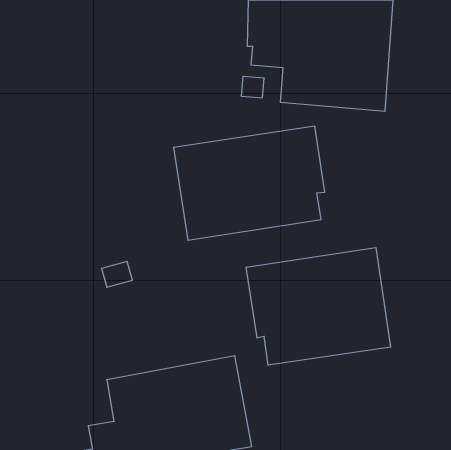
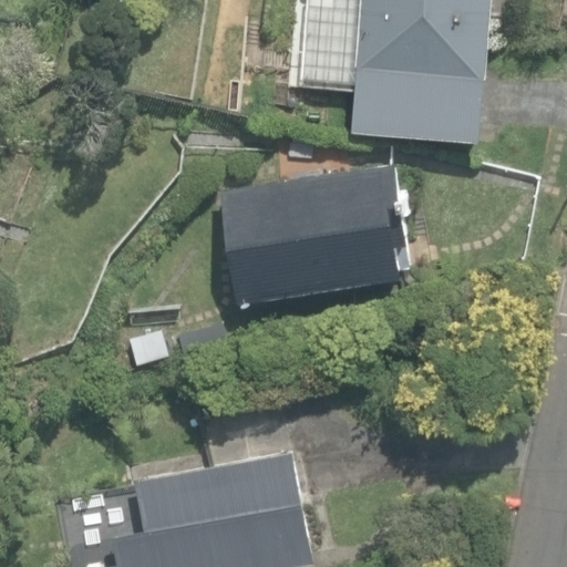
building: [246,248,391,365] -> none

